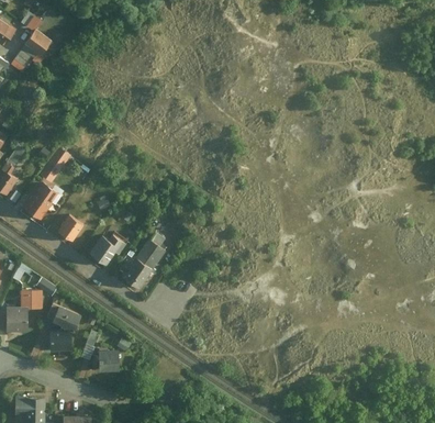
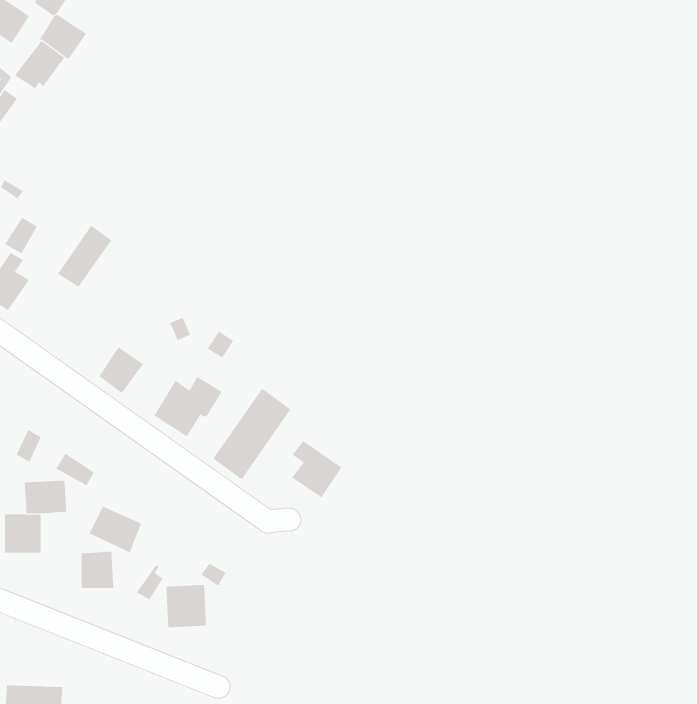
building: [25,187,58,221] -> none
building: none -> [291,440,342,498]

